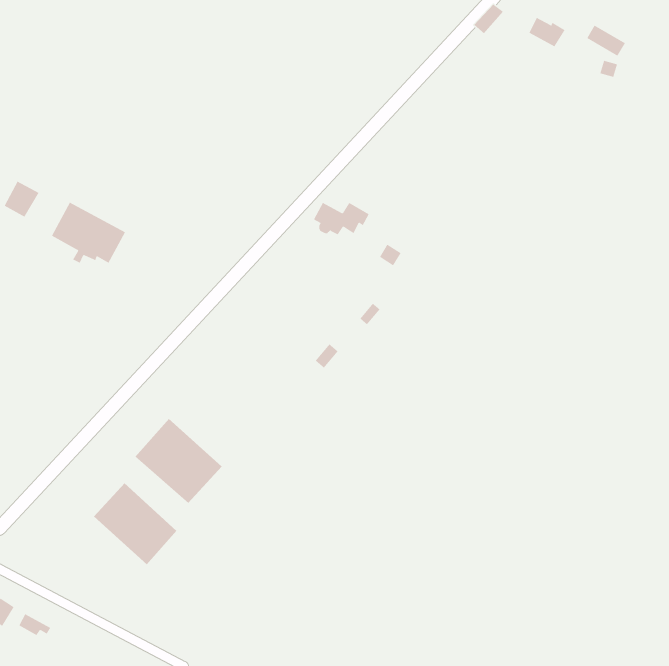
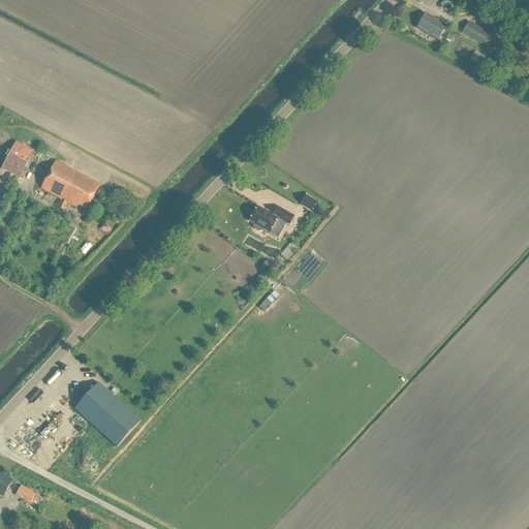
building: [313,202,370,235] -> [249,205,293,230]
building: [135,418,222,504] -> none

